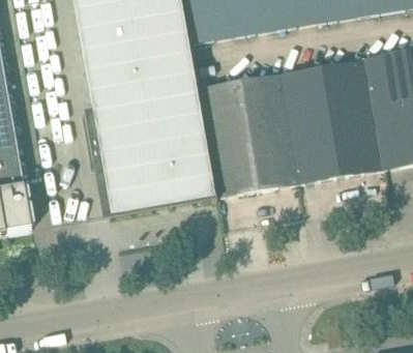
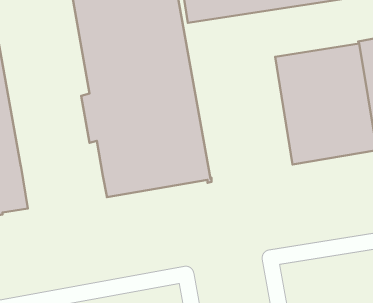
building: [203,73,300,196] -> none

